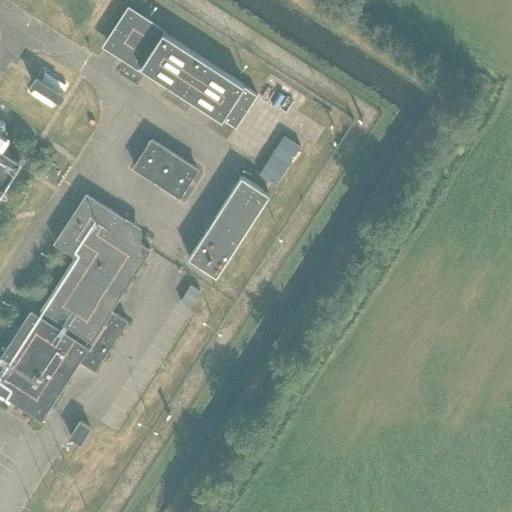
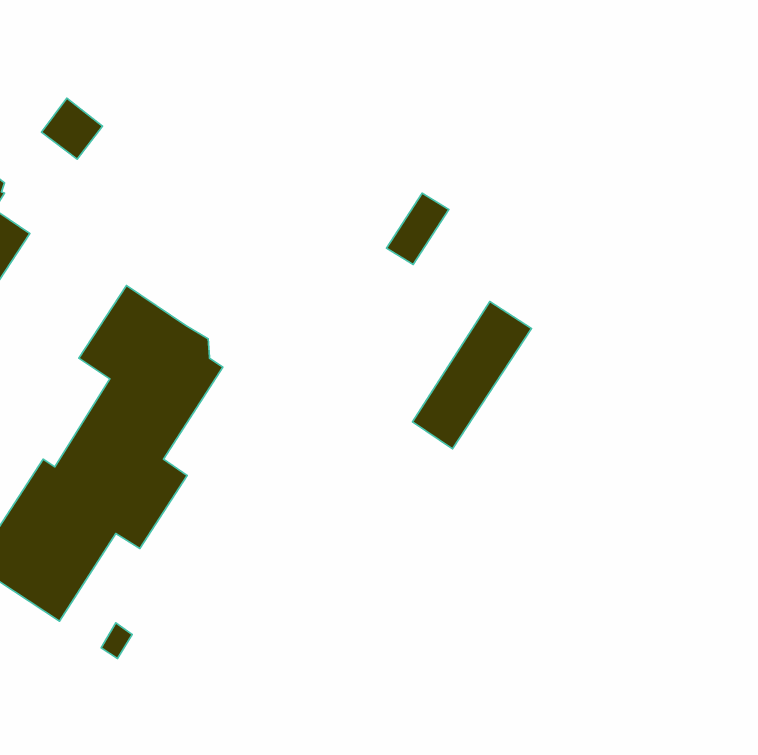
building: [101,8,257,129] -> none
building: [132,140,196,199] -> none
building: [189,178,269,277] -> [412,302,531,449]

